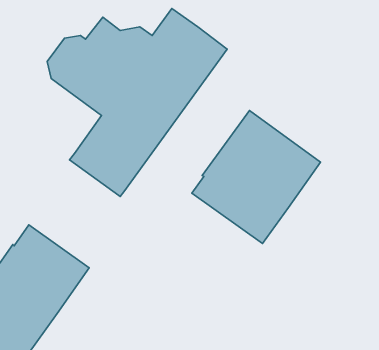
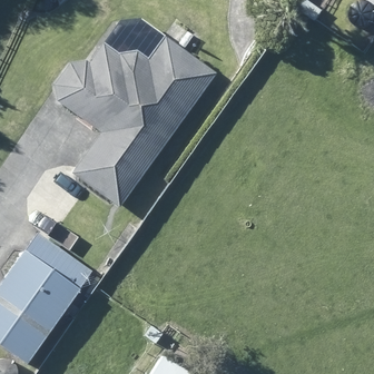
building: [192,111,321,244] -> none

